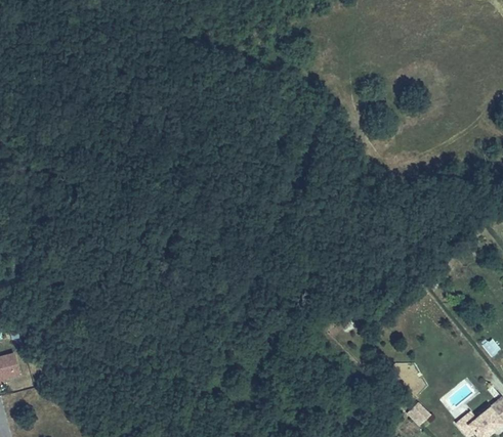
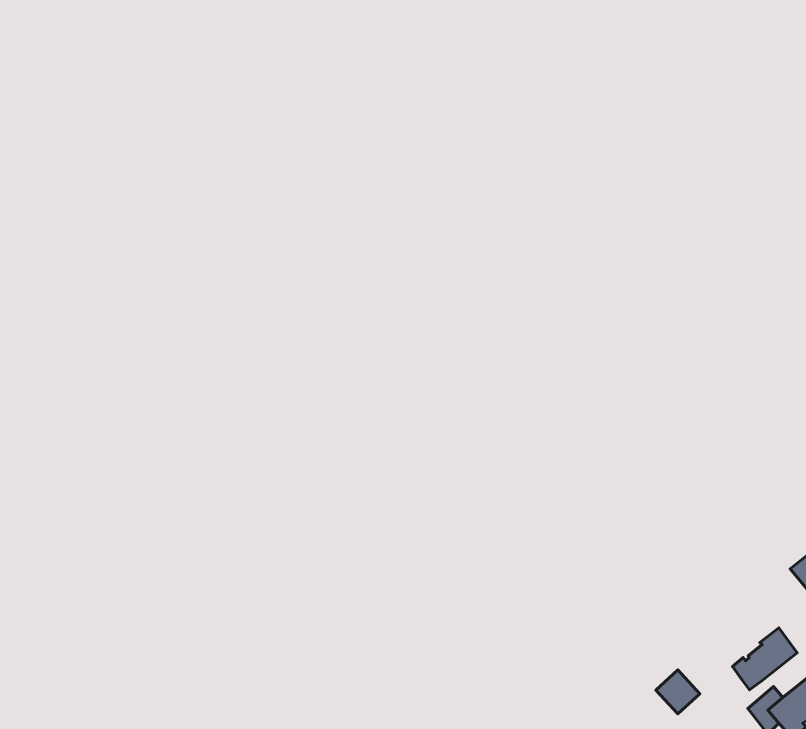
building: none -> [733,628,797,690]

